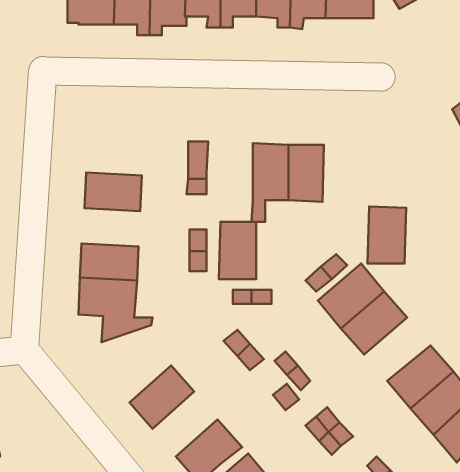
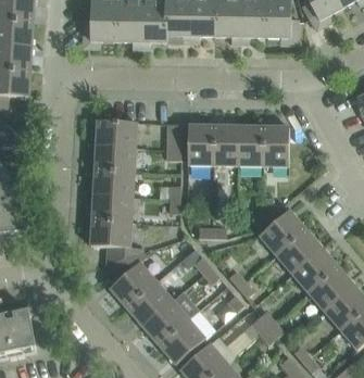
building: none -> [96,121,137,148]
building: [368,206,406,264] -> [262,126,289,166]
building: none -> [92,171,134,198]
building: [219,222,256,279] -> [187,125,213,165]
building: none -> [291,248,338,292]
building: none -> [106,253,155,307]
building: none -> [142,300,188,345]

